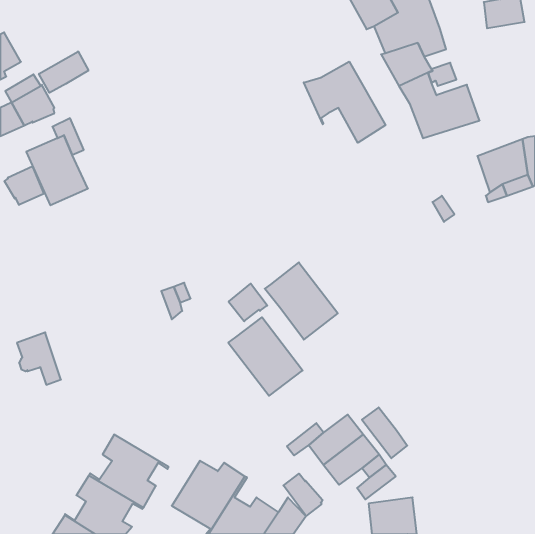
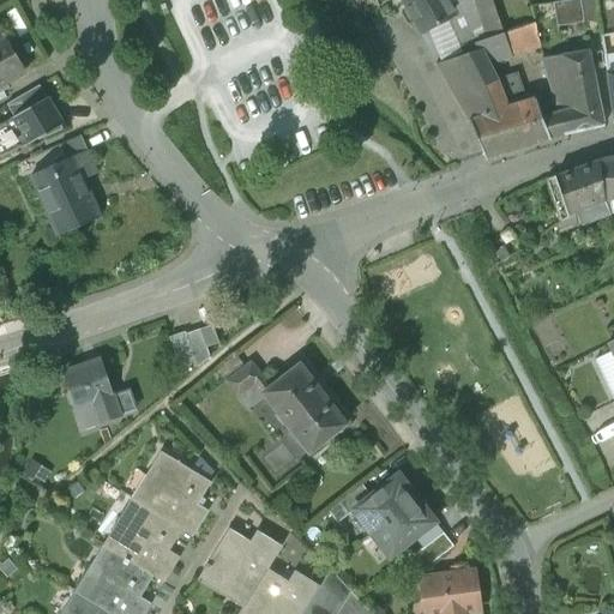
building: none -> [504,22,540,56]
building: none -> [542,50,603,133]
building: [39,51,88,93] -> none
building: [304,62,385,143] -> none
building: [4,166,44,205] -> none
building: [265,262,338,340] -> none
building: [229,284,267,321] -> [225,361,270,404]
building: [17,332,61,385] -> [66,361,116,421]
building: none -> [131,451,211,535]
building: [362,407,407,458] -> none
building: [283,474,323,516] -> none

